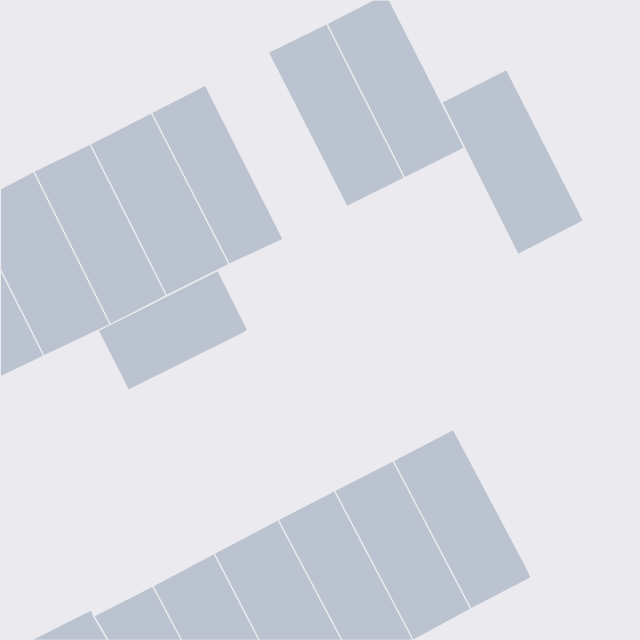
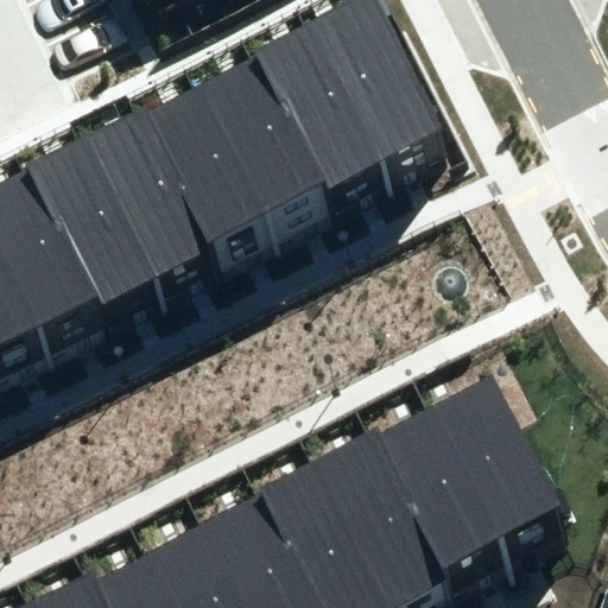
building: none -> [195,50,329,227]
building: [442,70,584,254] -> none
building: [98,271,248,390] -> none
building: none -> [430,375,562,542]

